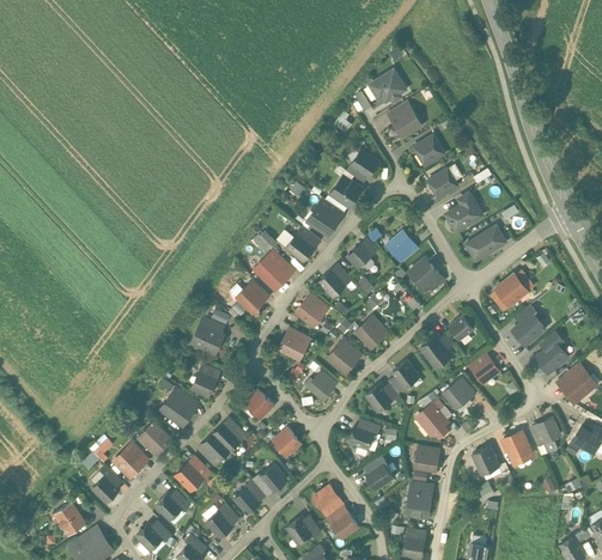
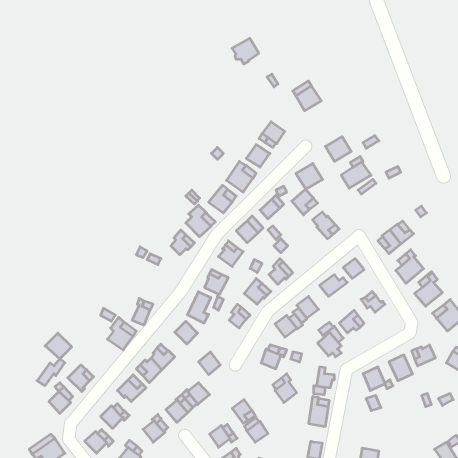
building: [371,72,403,103] -> [232,38,259,64]
building: [412,135,444,166] -> [296,163,323,189]
building: [464,226,499,261] -> none
building: [191,317,224,354] -> none
building: none -> [188,292,211,323]
building: [138,422,170,454] -> [45,333,72,359]
building: [53,501,86,536] -> none

